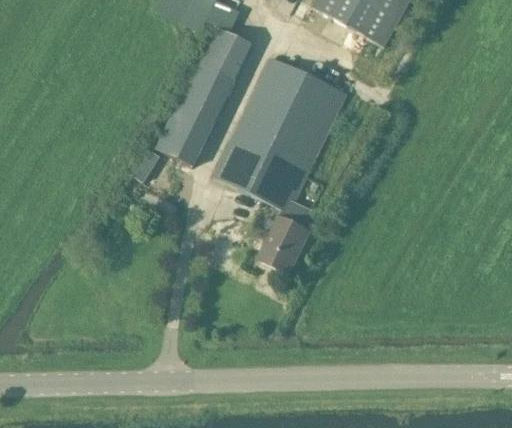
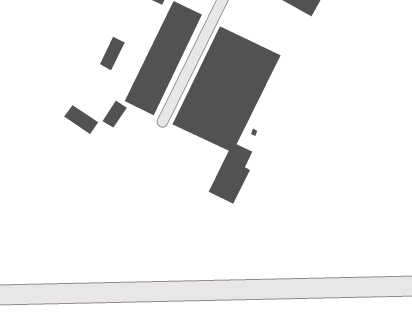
building: none -> [99,36,126,71]
building: none -> [63,104,99,135]

